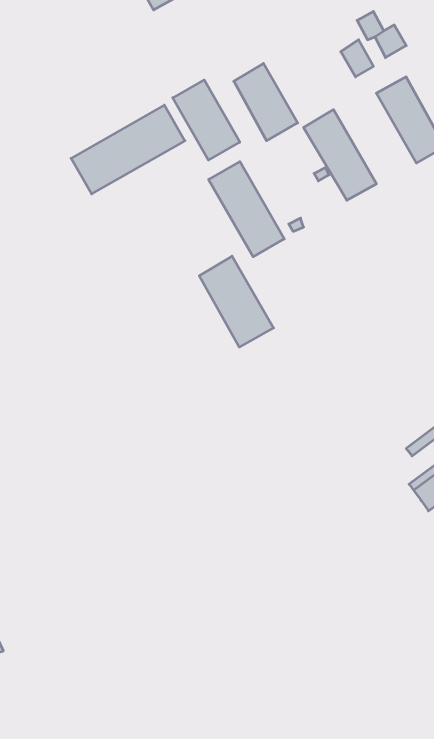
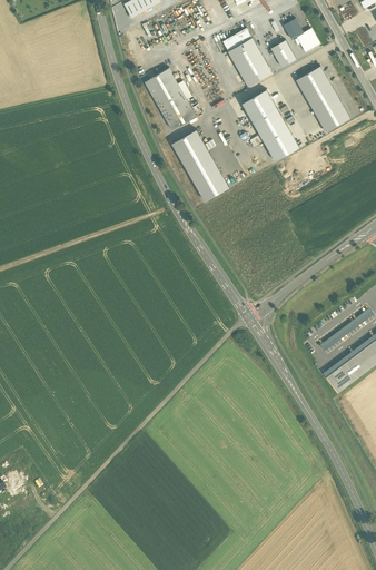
building: [234,63,298,141] -> [222,29,270,87]
building: [71,105,185,194] -> none
building: [199,256,274,347] -> none

